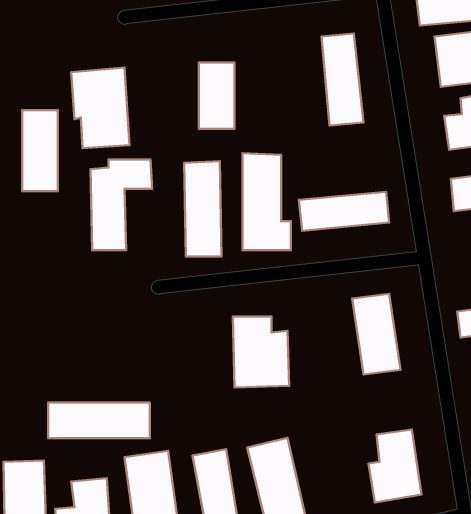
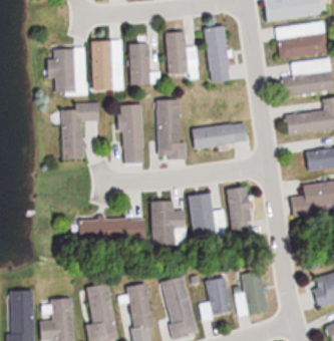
building: none -> [165,31,189,76]
building: [22,110,58,191] -> [91,41,113,91]
building: none -> [189,193,217,241]
building: [48,402,150,438] -> [80,219,143,241]
building: none -> [200,278,231,318]

